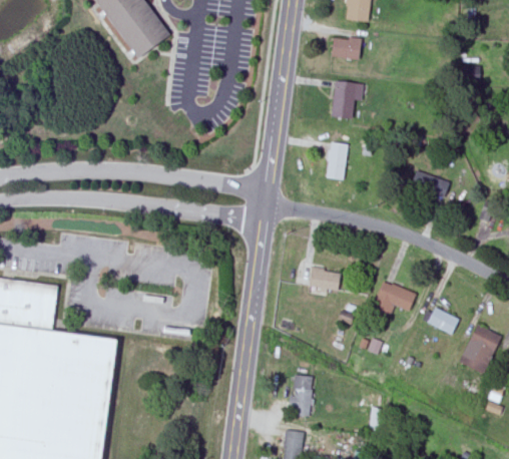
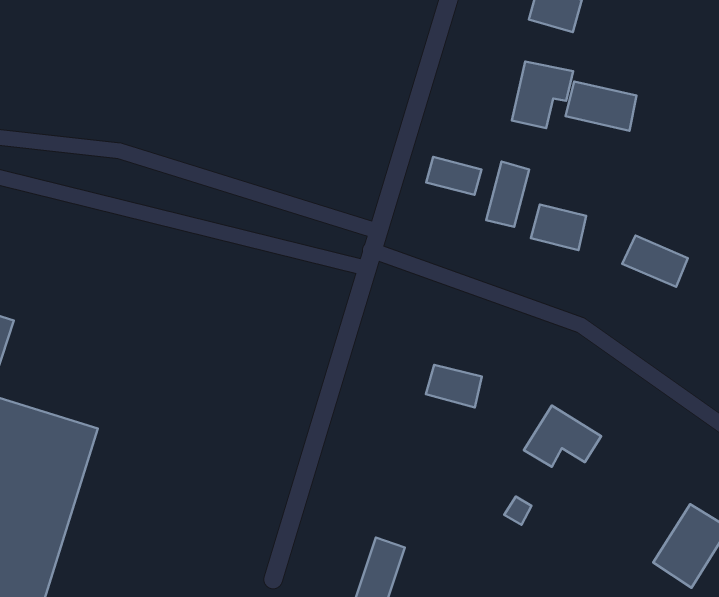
building: none -> [565,81,636,131]
building: none -> [426,157,482,195]
building: none -> [531,205,586,250]
building: [421,308,459,334] -> none

